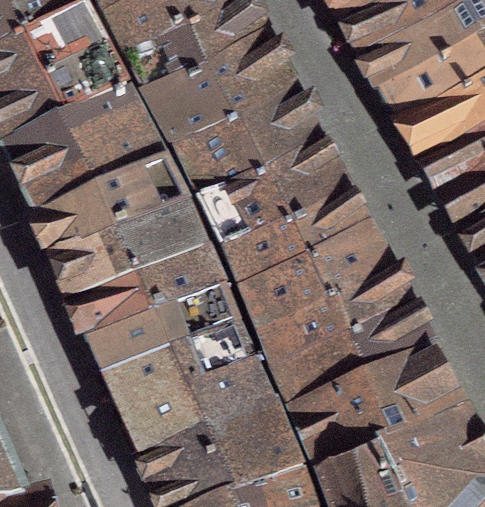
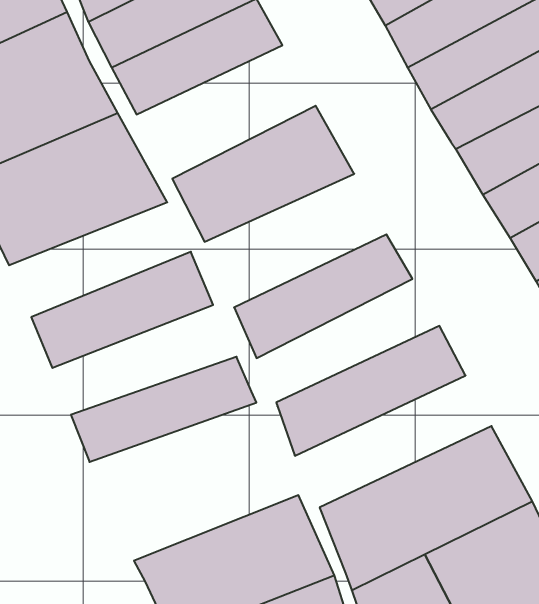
building: [146,47,291,155] -> none
building: [201,151,348,259] -> none
building: [43,174,190,267] -> none
building: [243,236,391,336] -> none
building: [78,257,227,346] -> none
building: [274,314,433,421] -> none
building: [108,336,277,464] -> none

